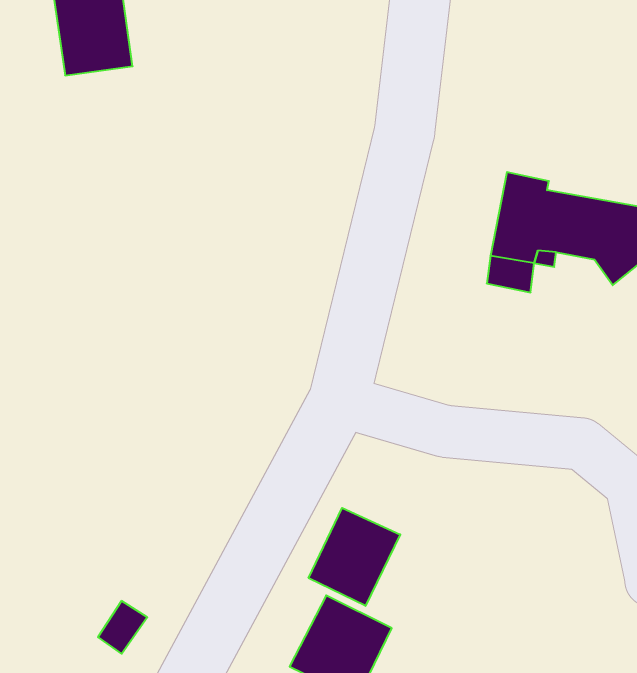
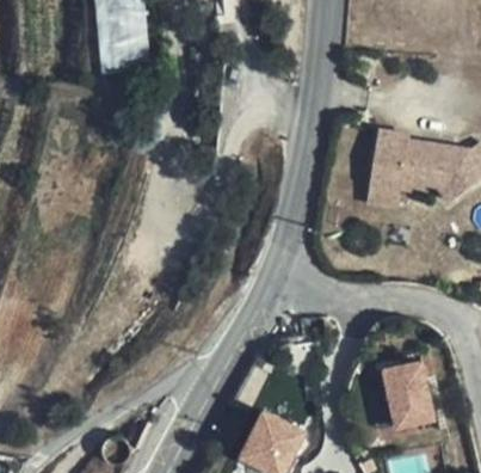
building: [309,508,400,606] -> none
building: none -> [384,358,436,426]

